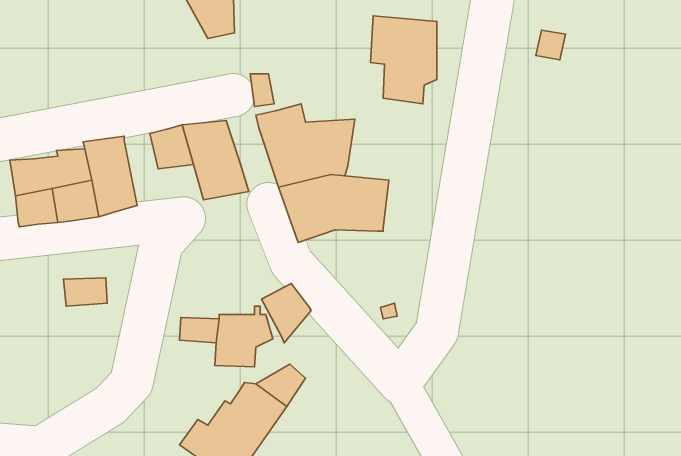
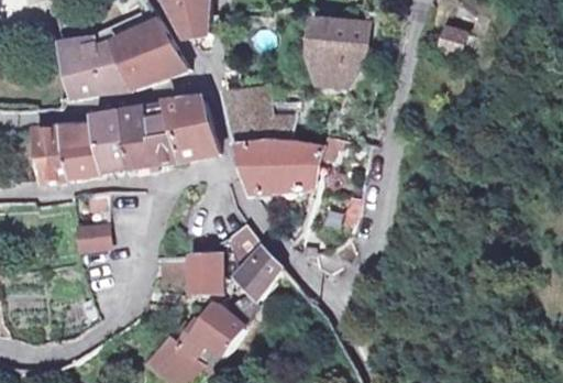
building: none -> [58,12,185,97]
building: none -> [118,110,179,166]
building: none -> [239,248,280,296]

